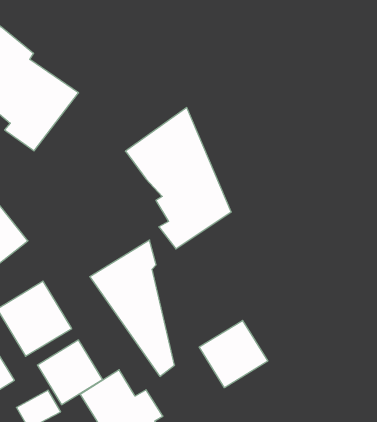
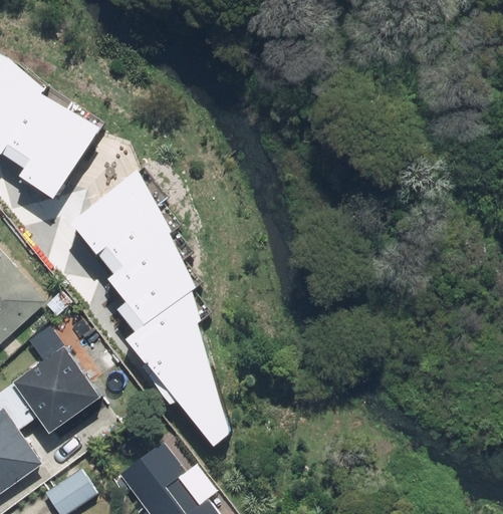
building: [125,108,231,249] -> [68,169,194,331]
building: [199,320,268,388] -> none
building: [37,340,102,405] -> none

